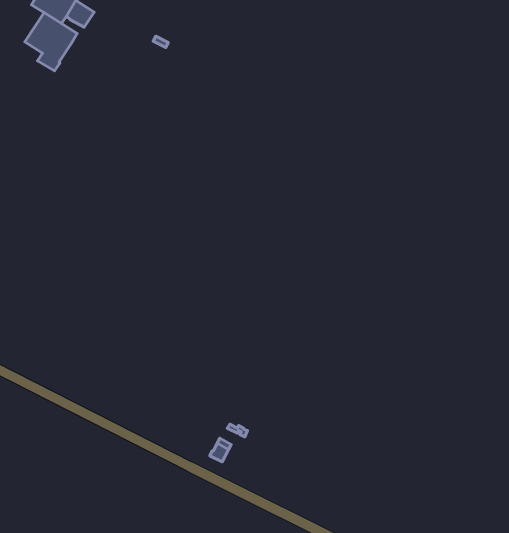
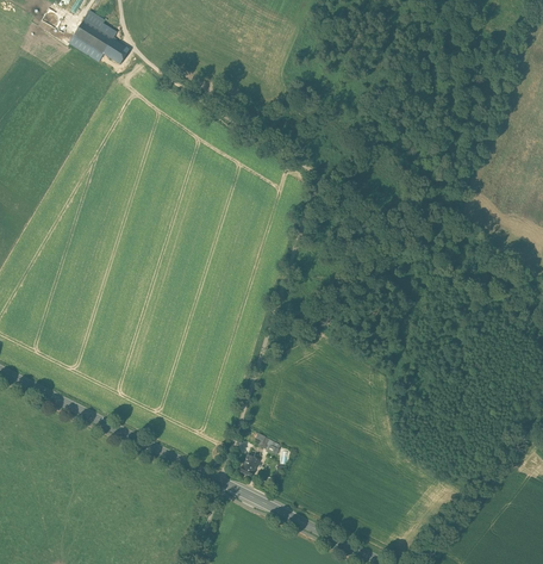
building: [25,13,77,71] -> none

